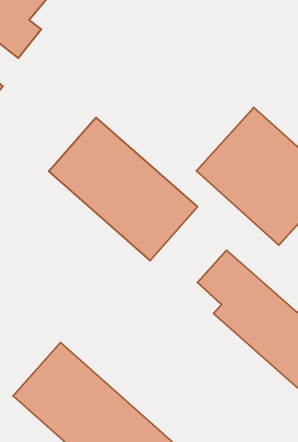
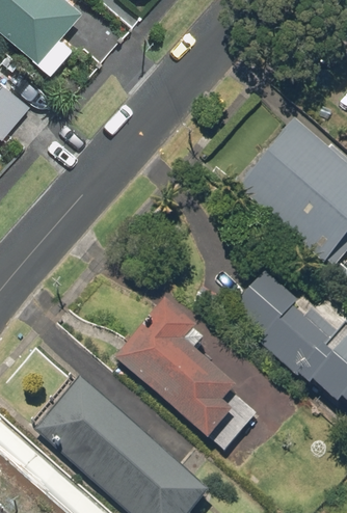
building: [49,118,197,261] -> none
building: none -> [111,298,257,450]

